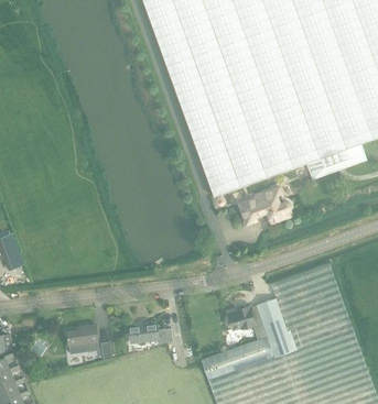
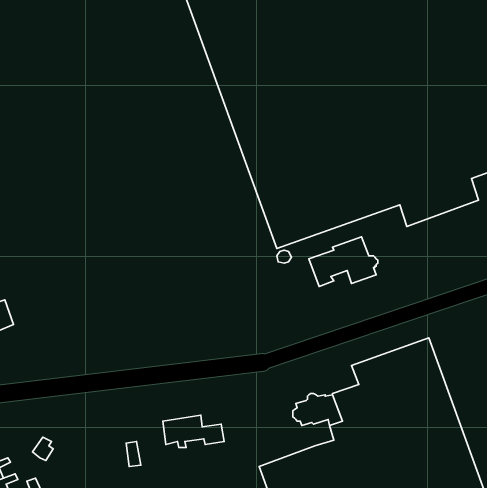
building: [66,324,98,353] -> none

